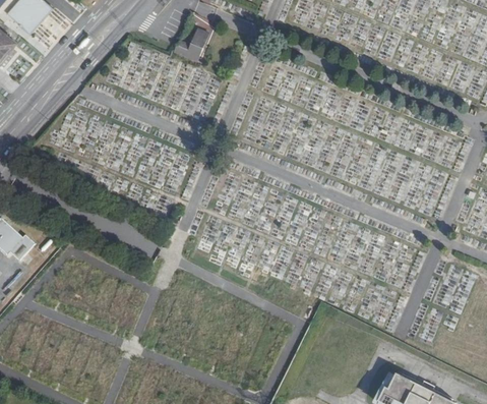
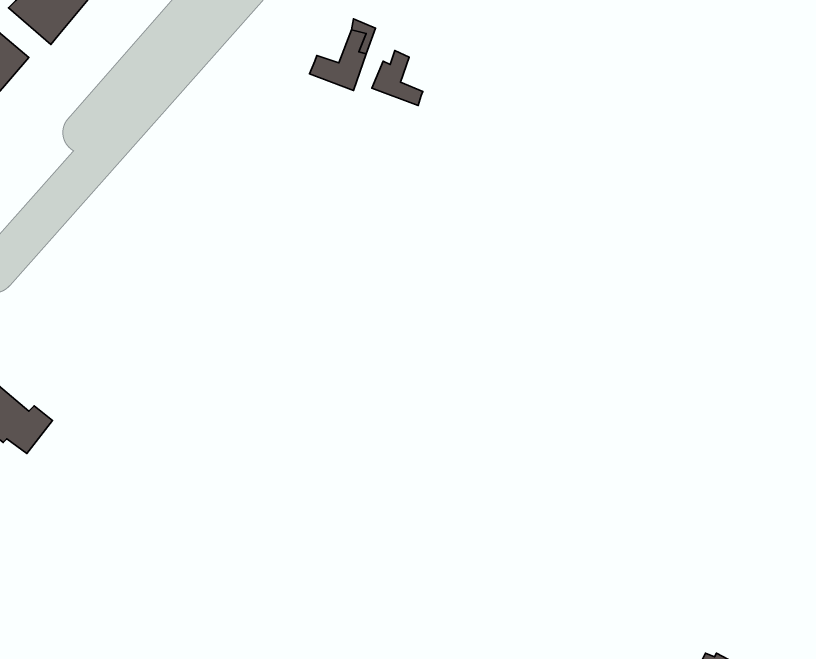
building: none -> [372,50,423,105]

